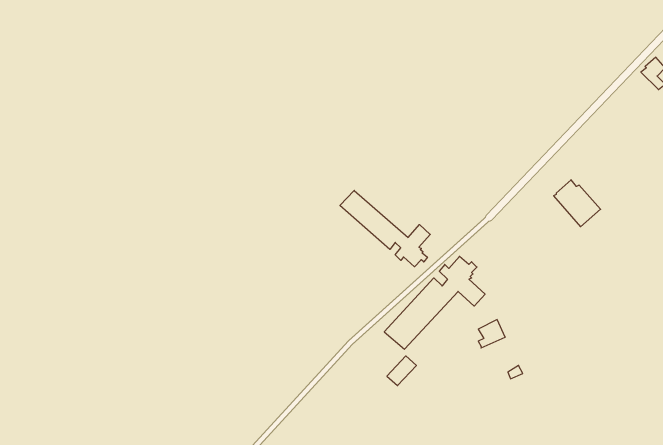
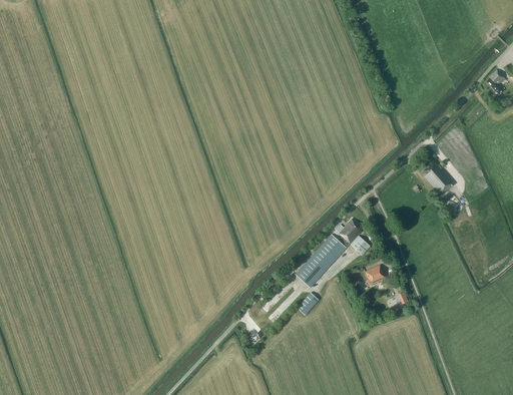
building: [340,190,430,267] -> none

